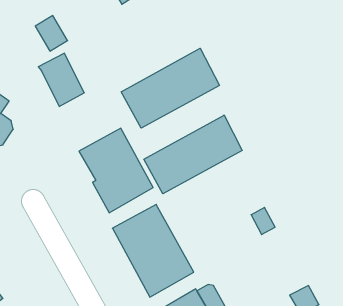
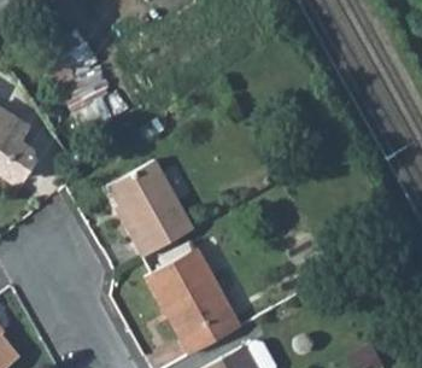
building: [121,48,219,128] -> none
building: [144,115,242,194] -> none

